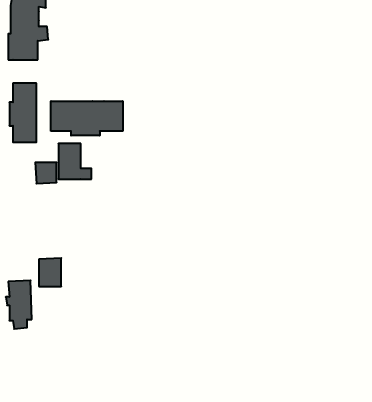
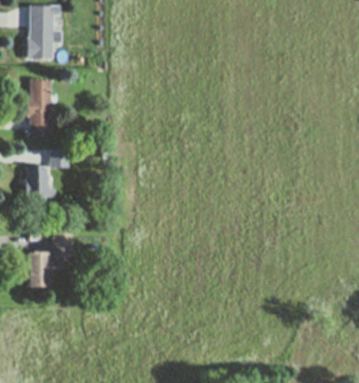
building: [51,101,123,136] -> none
building: [58,144,91,179] -> [27,166,56,197]

